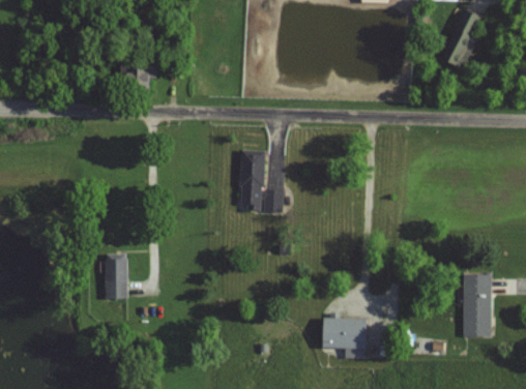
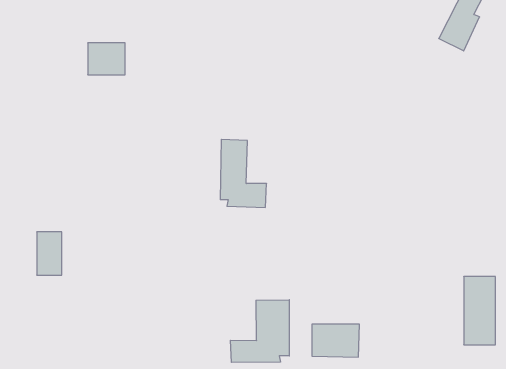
building: [105,259,127,298] -> [37,232,62,275]
building: none -> [231,300,289,362]

